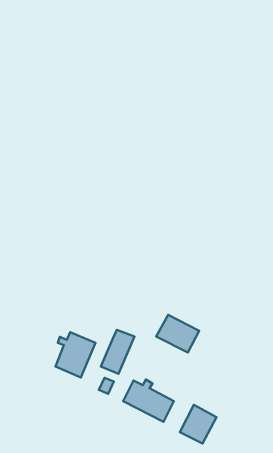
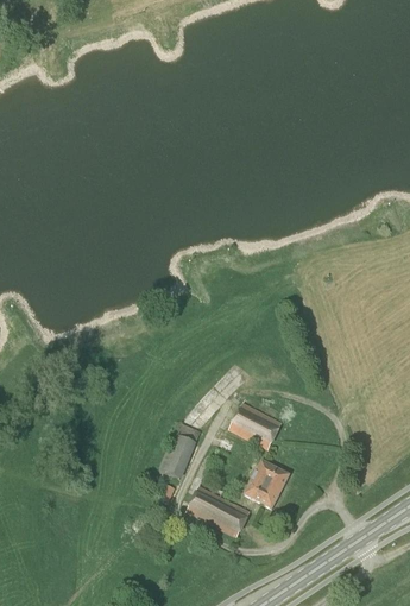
building: [56,332,95,377] -> none
building: [180,405,216,443] -> [244,460,290,509]

